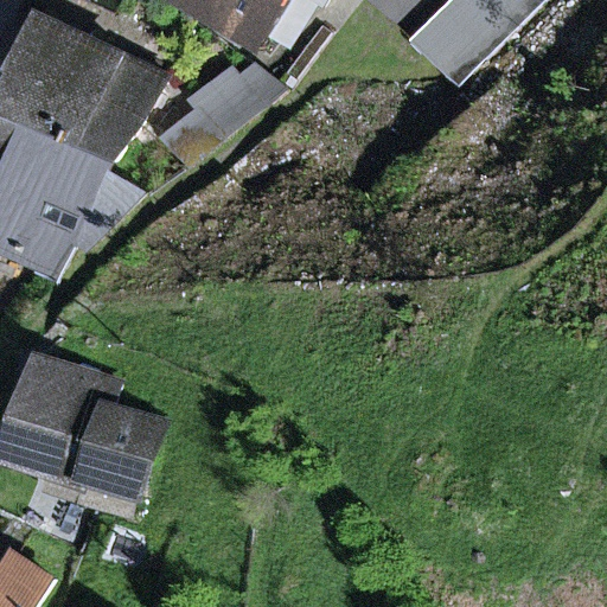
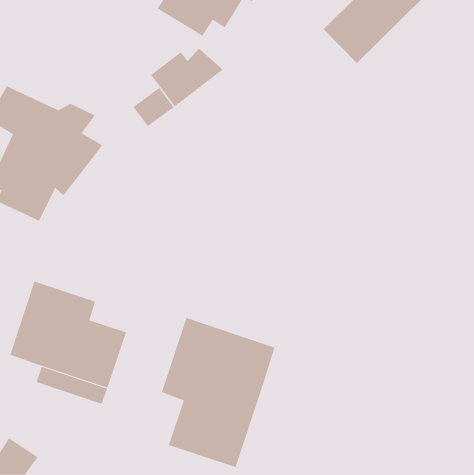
building: [8,13,162,146] -> none
building: none -> [161,317,275,468]

